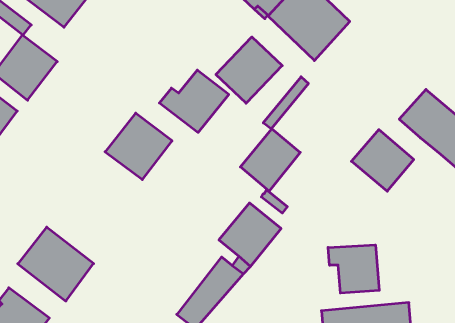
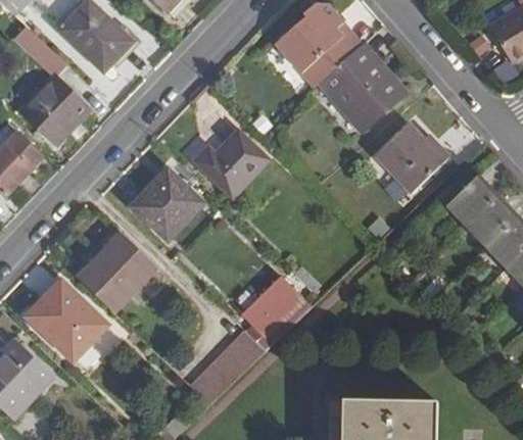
building: [216,37,282,103] -> none
building: [240,77,308,191] -> none
building: [351,130,414,191] -> [376,125,442,191]
building: none -> [81,236,157,313]
building: [328,245,379,293] -> none

